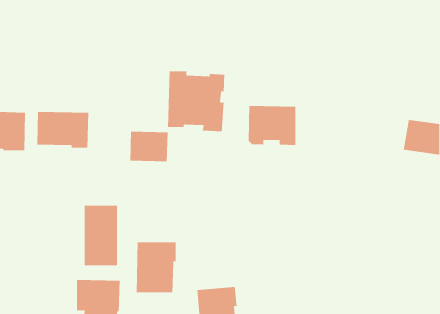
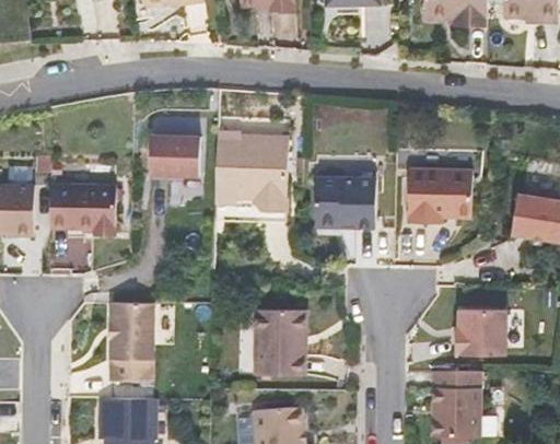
building: none -> [408,170,472,223]
building: [129,131,168,162] -> [149,136,198,175]
building: none -> [455,309,506,357]
building: [136,241,177,293] -> [255,309,306,375]
building: none -> [431,371,479,436]

